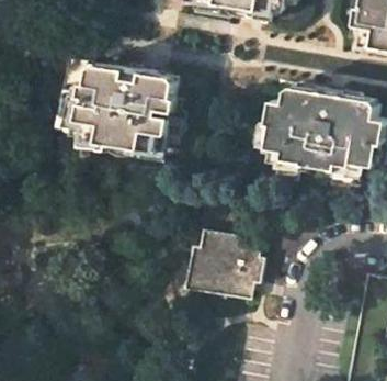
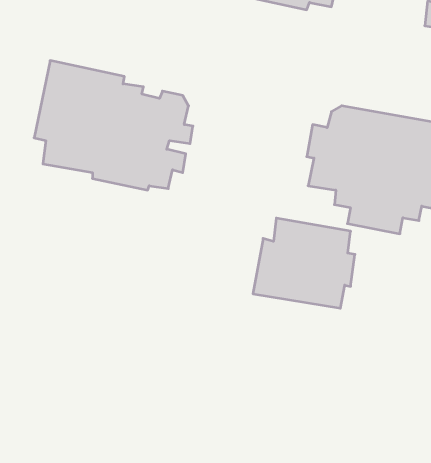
building: [183,232,260,300] -> [253,218,355,308]

